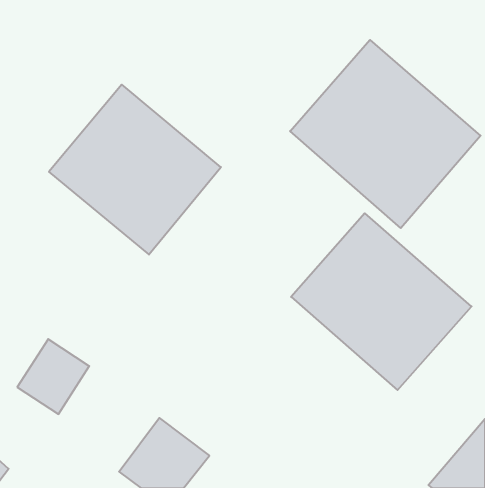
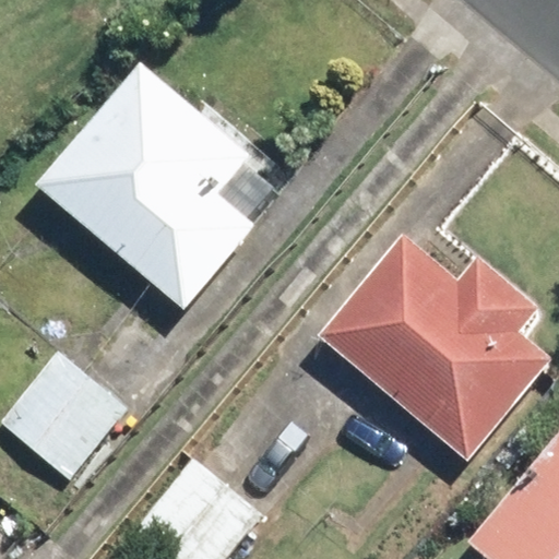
building: [290,40,481,228] -> none

